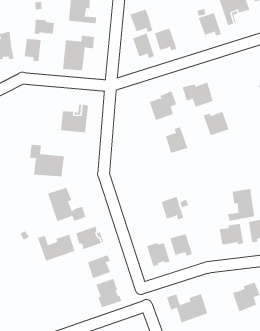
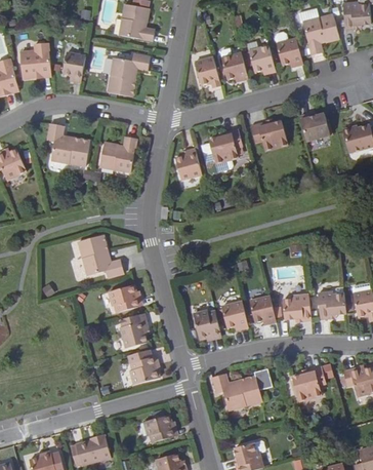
building: [130,9,154,33] -> [248,45,276,74]
building: [34,19,55,35] -> none
building: [203,111,229,136] -> [299,113,330,142]
building: [165,127,188,154] -> [175,148,202,180]
building: [29,144,65,177] -> [47,123,90,165]
building: [228,188,255,221] -> none
building: [161,196,184,220] -> [249,296,276,324]
building: [37,234,75,261] -> none

